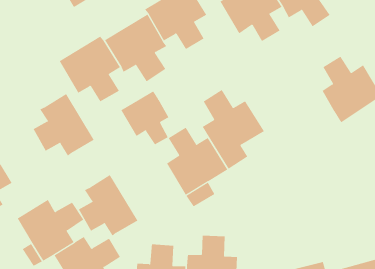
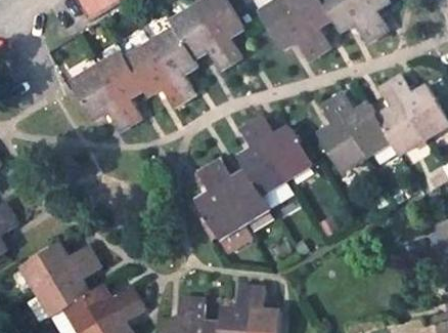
building: none -> [318,93,393,173]
building: [121,90,169,145] -> none
building: [33,93,95,156] -> none
building: [78,174,138,236] -> none

